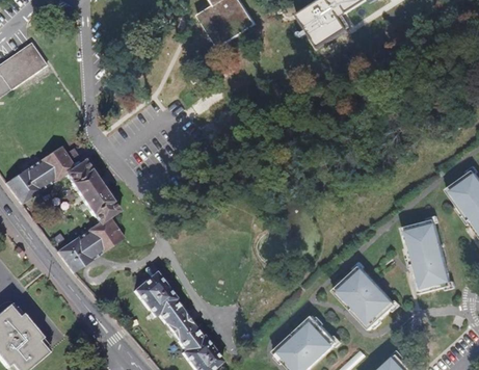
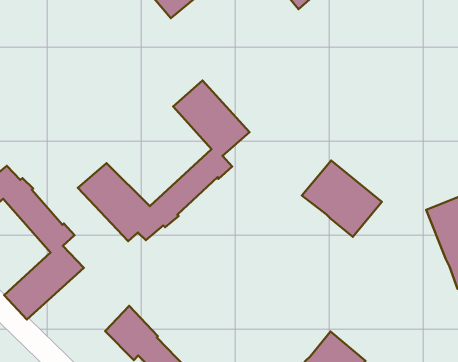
building: none -> [78,80,250,241]
building: [332,265,396,328] -> [302,160,382,237]

